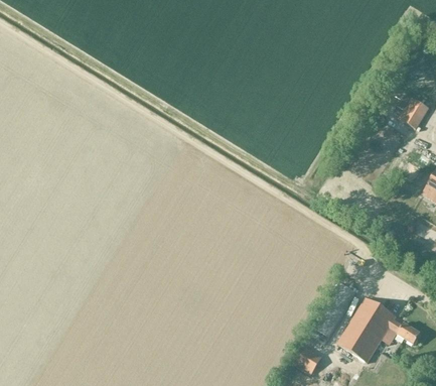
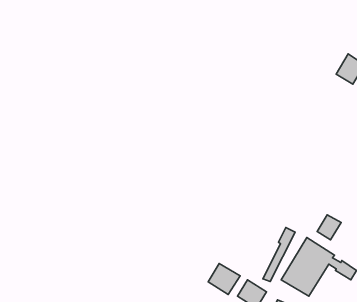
building: none -> [317,215,341,240]
building: none -> [208,264,240,294]

